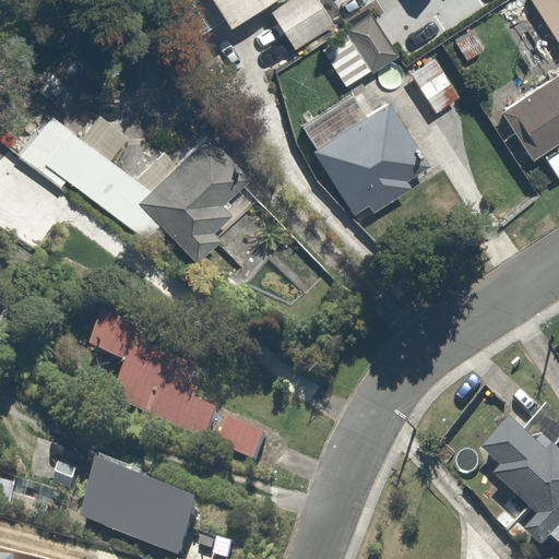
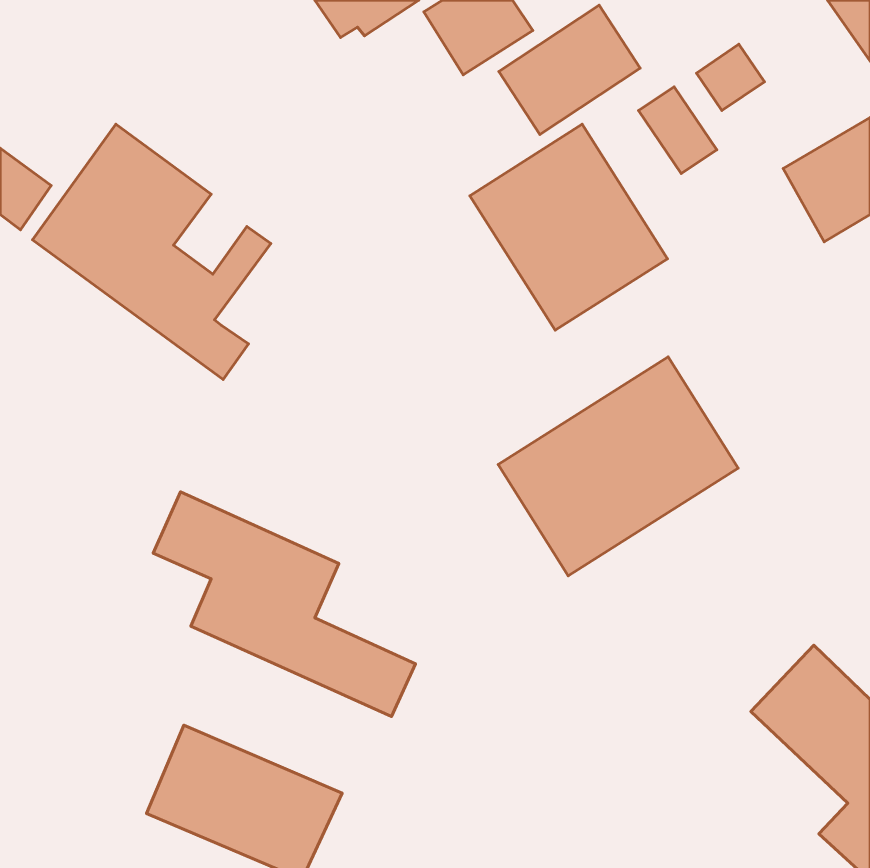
building: [142,129,260,259] -> none
building: none -> [498,357,738,576]

